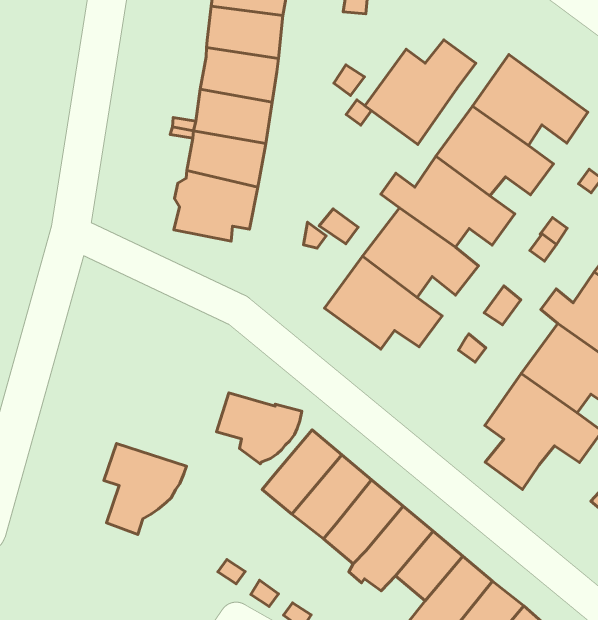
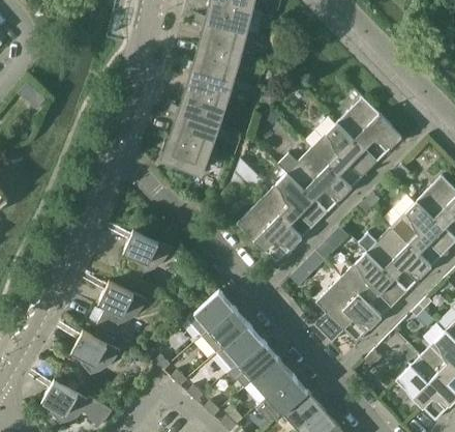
building: [365,40,476,145] -> none
building: [216,393,302,464] -> [122,230,172,272]
building: none -> [72,329,119,374]

